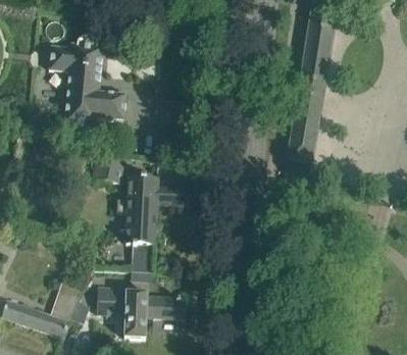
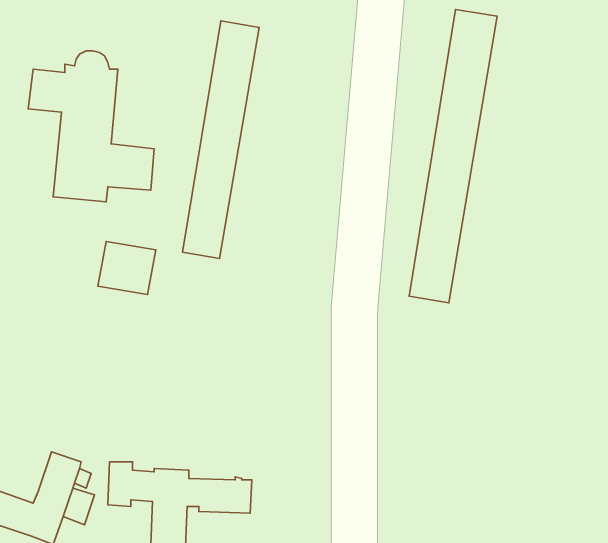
building: none -> [183,21,259,258]
building: [117,176,190,271] -> none

